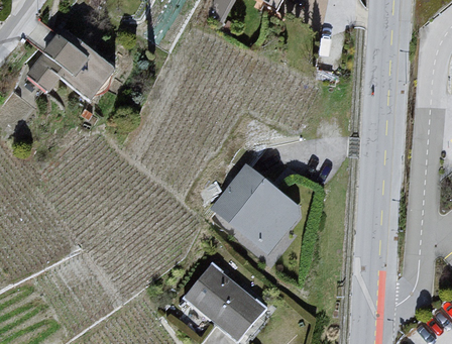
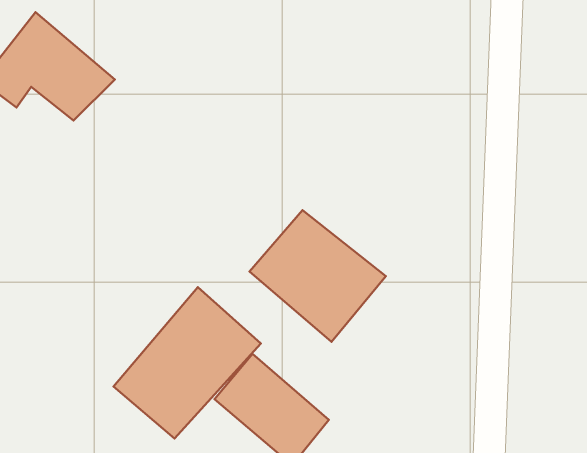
building: none -> [113,287,261,439]

